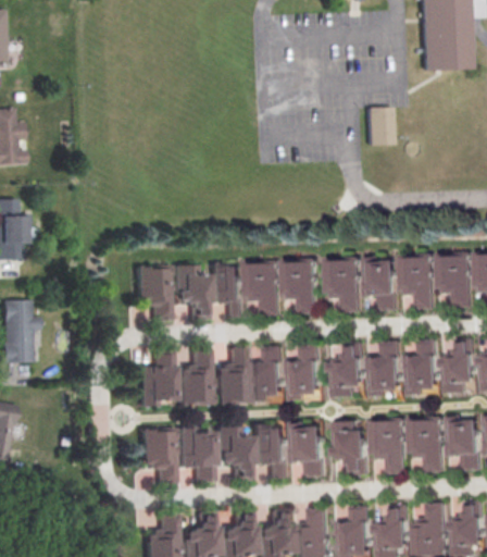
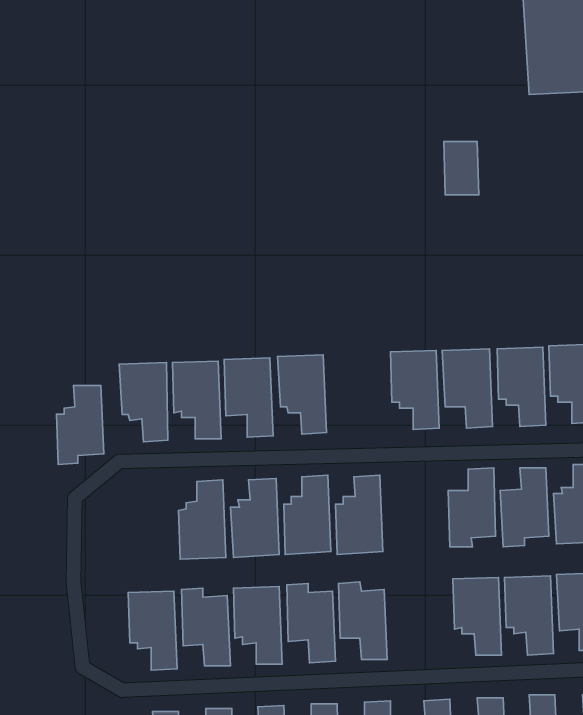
building: [283,258,317,314] -> none
building: [329,342,363,397] -> none
building: [137,350,171,407] -> [57,385,104,465]
building: [330,419,366,475] -> none

